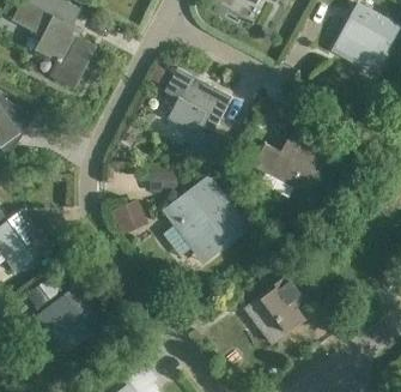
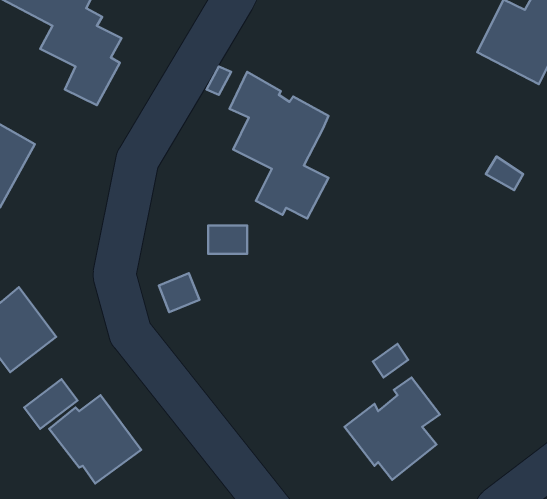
building: [254,125,327,198] -> none
building: [160,177,247,258] -> none

